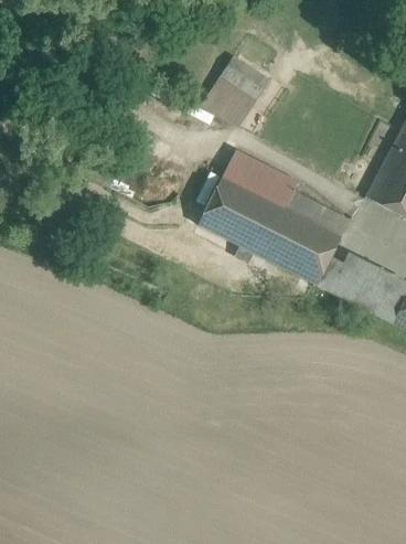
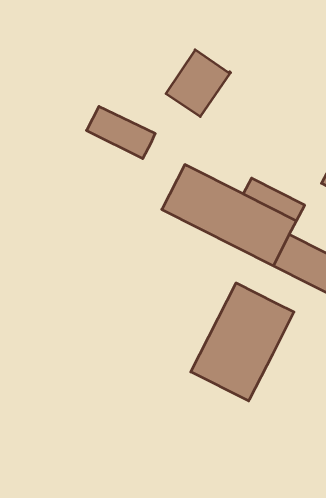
building: [224,152,297,207] -> [86,106,155,159]
building: none -> [191,283,294,401]

